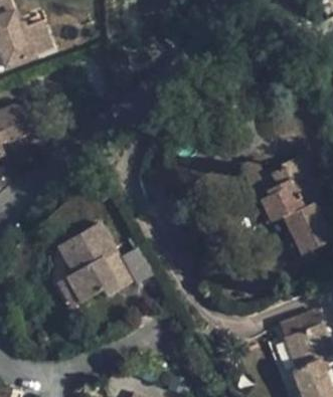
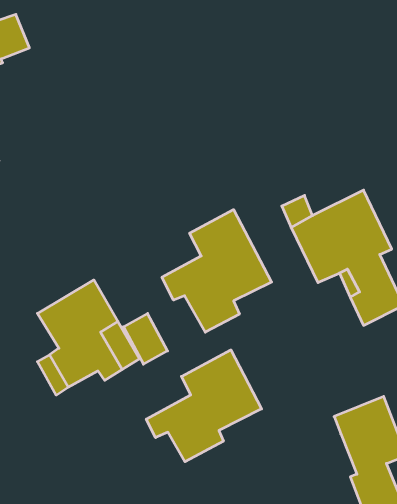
building: none -> [162,210,272,332]
building: none -> [146,350,262,462]

